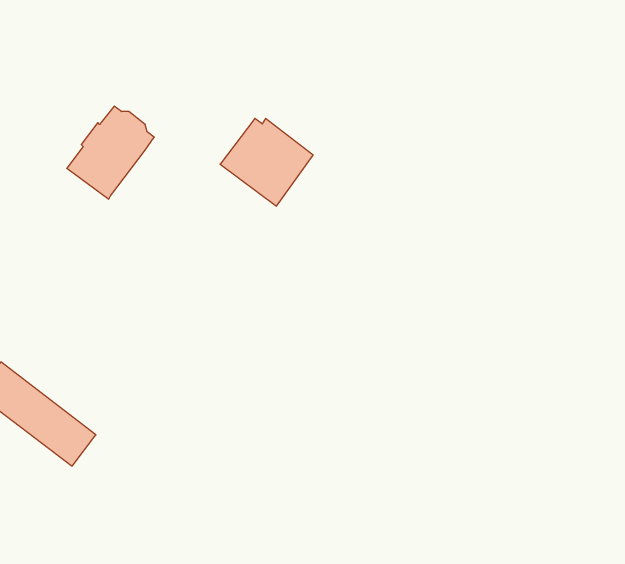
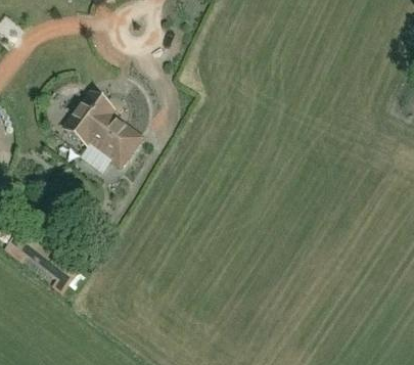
building: [220,118,313,206] -> [88,117,140,166]

